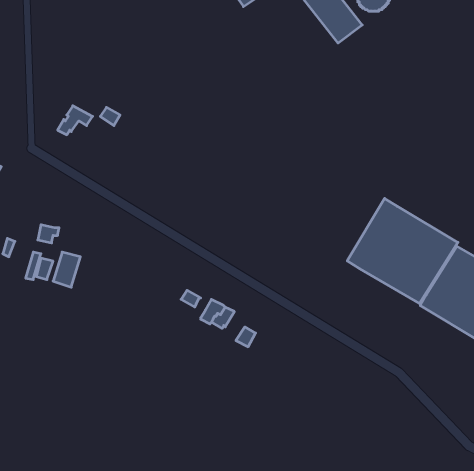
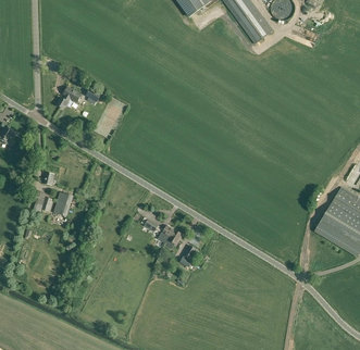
building: [347,198,458,303] -> none

